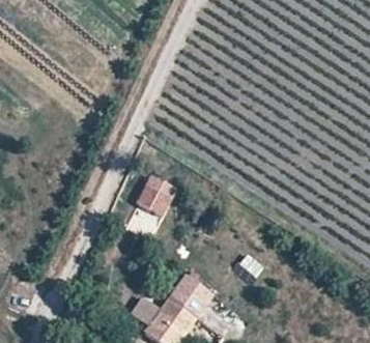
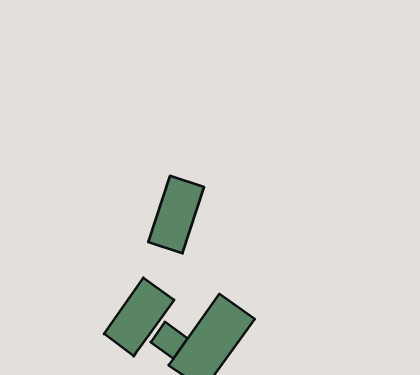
building: none -> [104,278,174,356]

